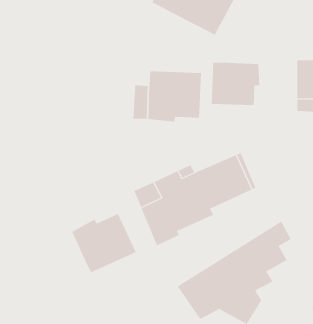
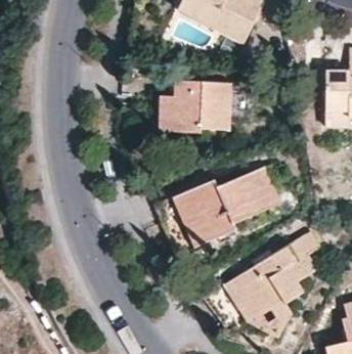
building: [211,62,260,106] -> none
building: [72,213,137,273] -> none

